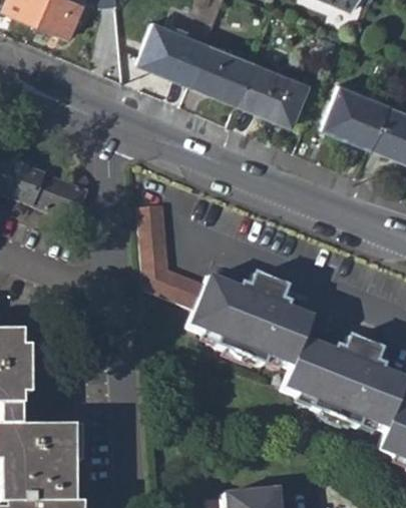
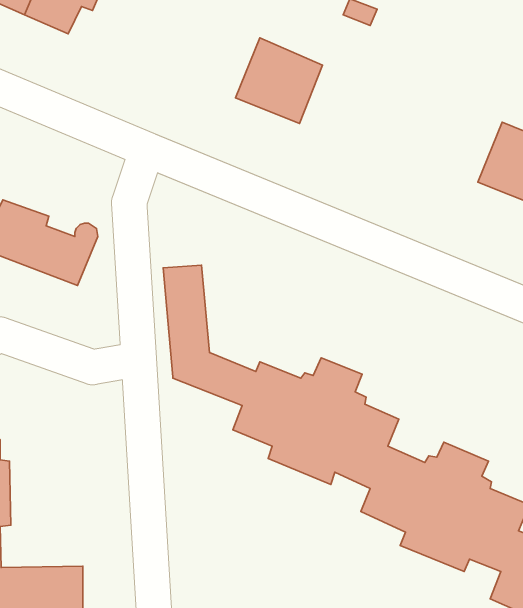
building: [138,19,211,85] -> none
building: [240,61,308,124] -> none
building: [324,83,389,147] -> none

